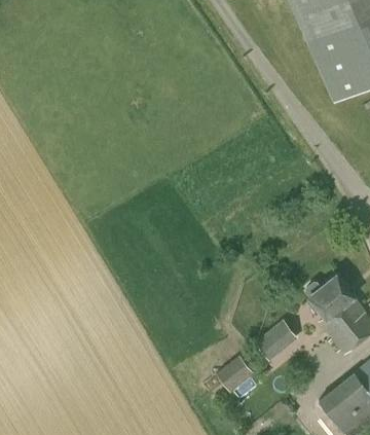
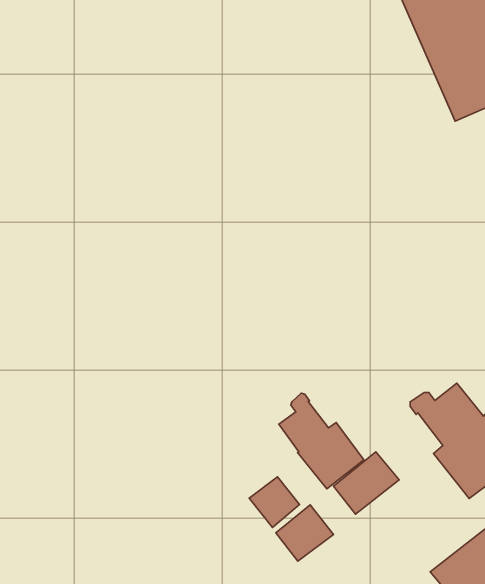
building: none -> [279,393,364,489]
building: none -> [249,477,299,528]

